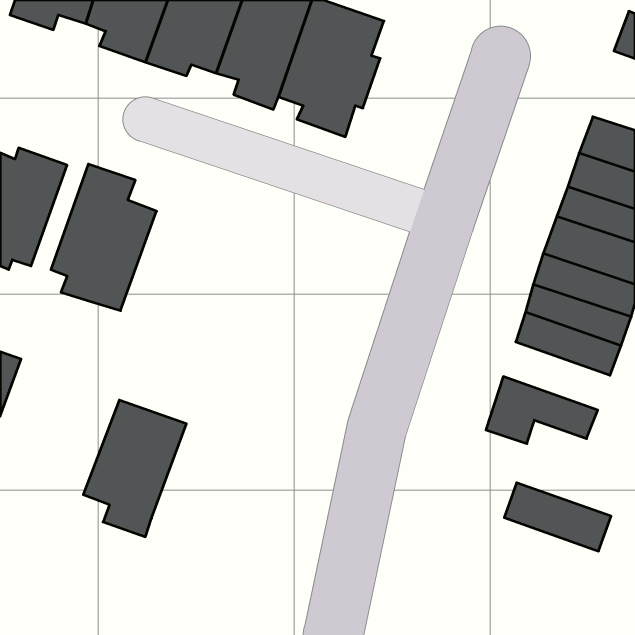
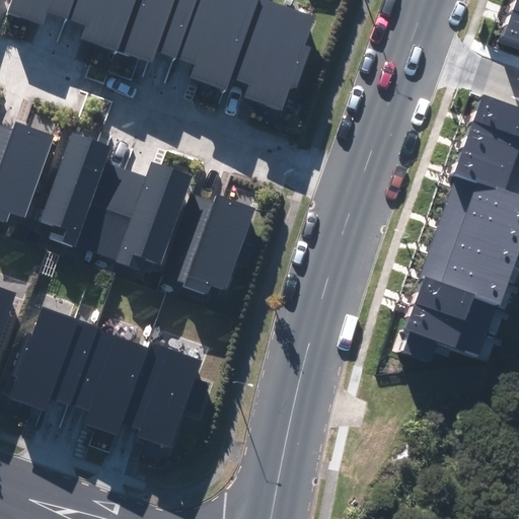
building: none -> [98,162,193,272]
building: none -> [166,196,255,296]
building: none -> [10,307,97,411]
building: none -> [124,345,210,448]
building: [504,483,611,551] -> [411,279,498,335]

